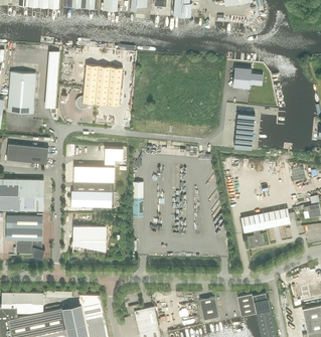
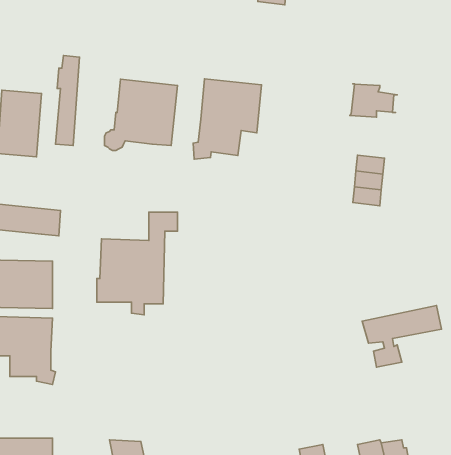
building: none -> [193,79,261,159]
building: [72,225,106,251] -> none

